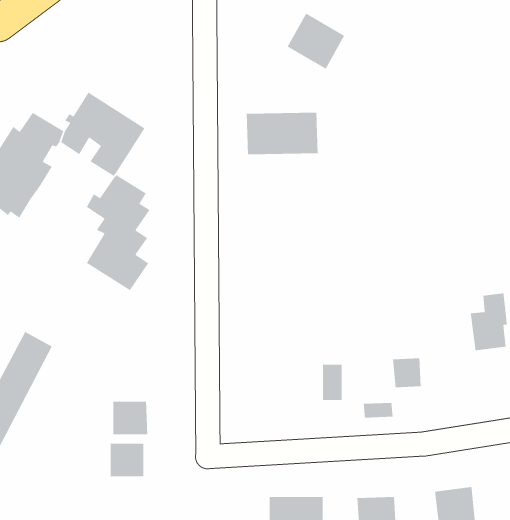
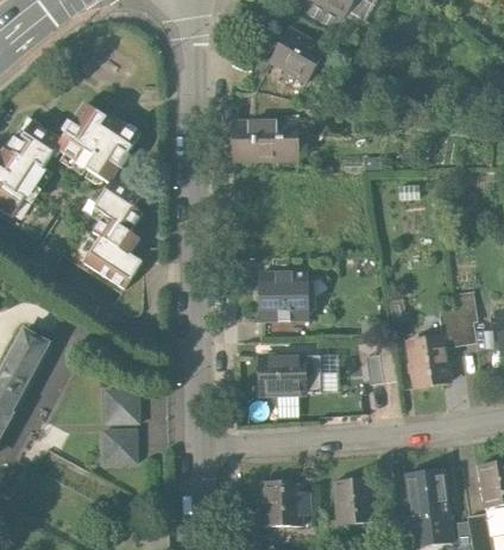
building: none -> [257,271,307,320]
building: none -> [405,336,448,387]
building: none -> [258,357,302,393]

